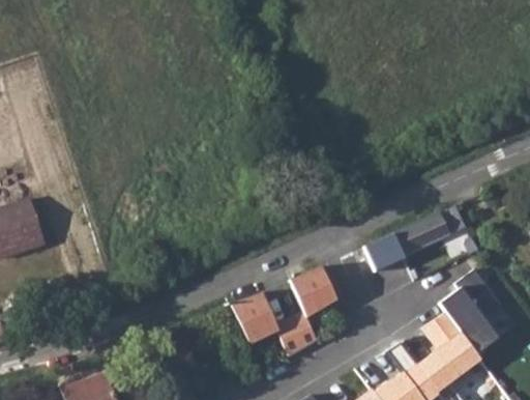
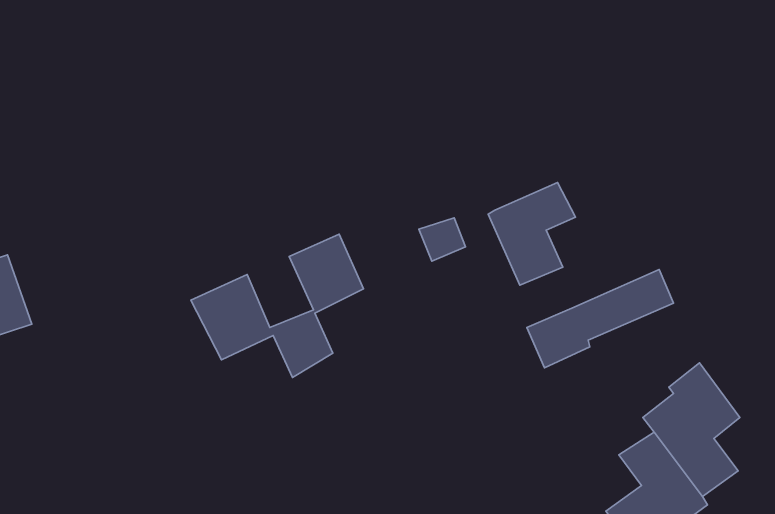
building: none -> [488,183,576,285]
building: [227,263,337,355] -> [191,234,363,377]

